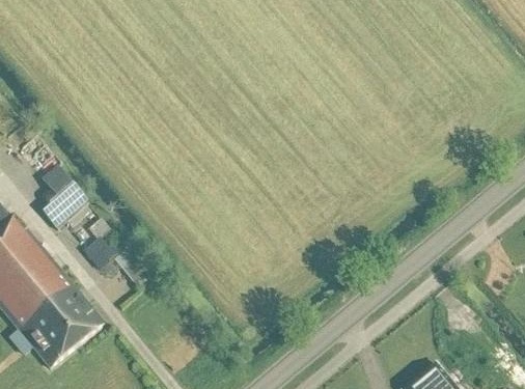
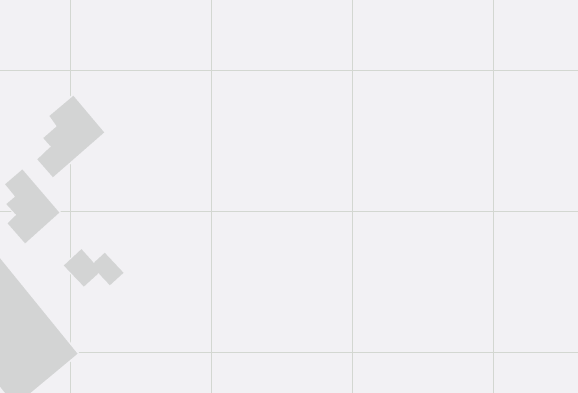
building: none -> [36,94,105,179]

